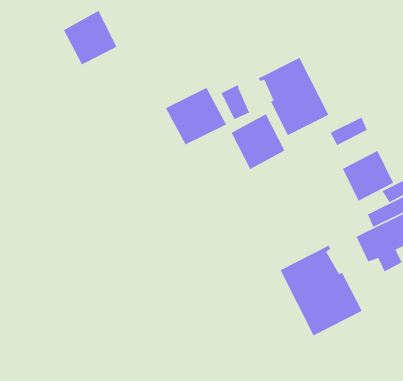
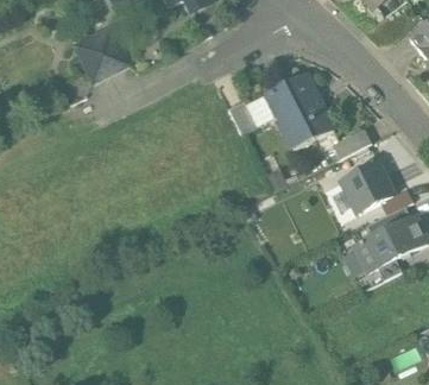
building: [165,87,227,146] -> none
building: [231,113,286,170] -> none
building: [280,244,363,337] -> none

